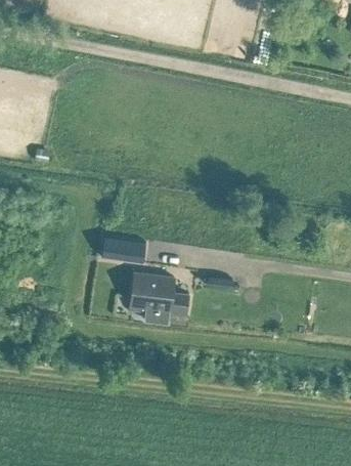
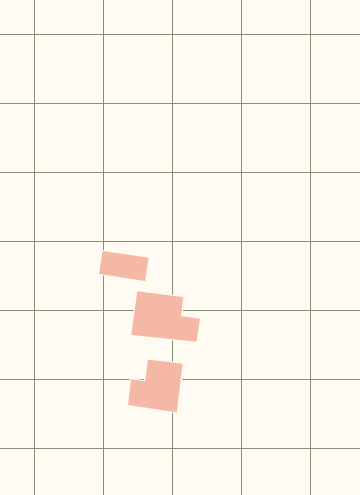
building: none -> [128,359,183,413]

